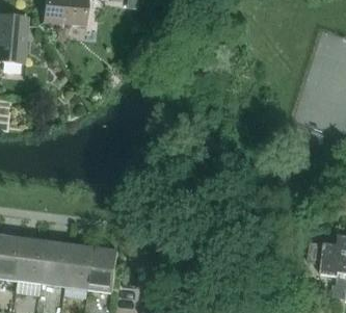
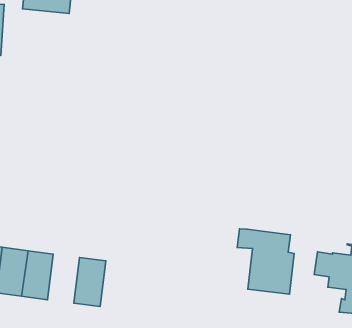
building: none -> [237,229,294,294]
building: [65,244,95,289] -> none

